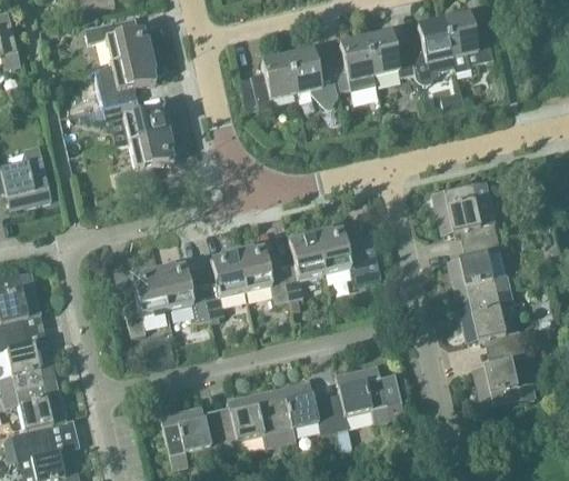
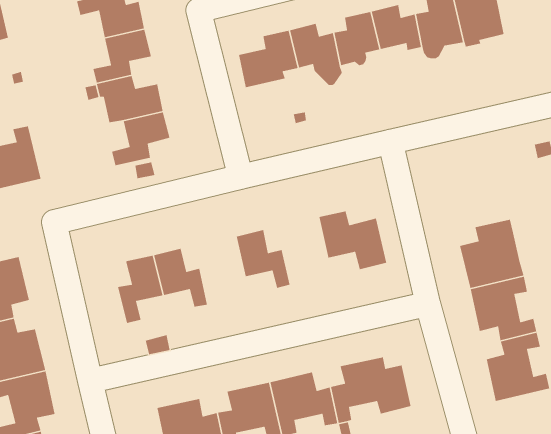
building: [433,181,498,243] -> none
building: [280,233,323,299] -> none
building: [201,252,244,318] -> none

